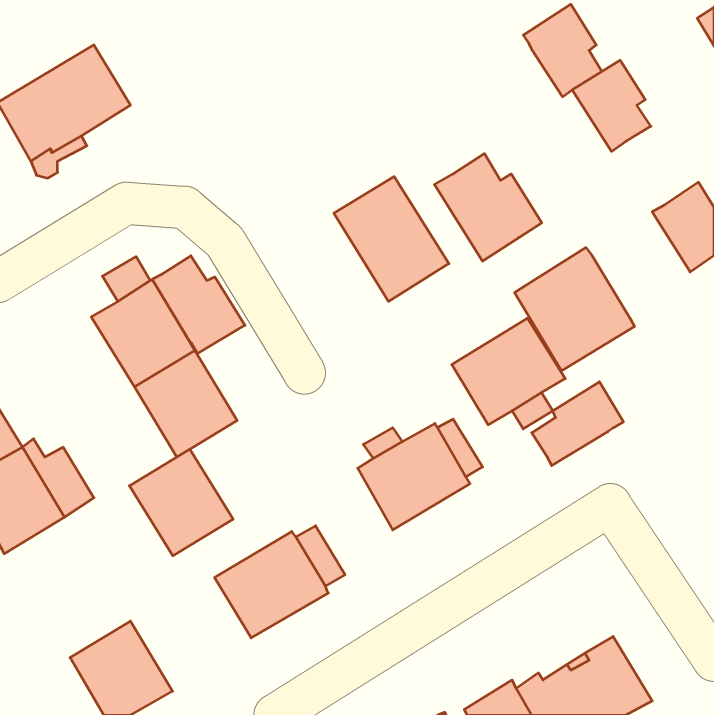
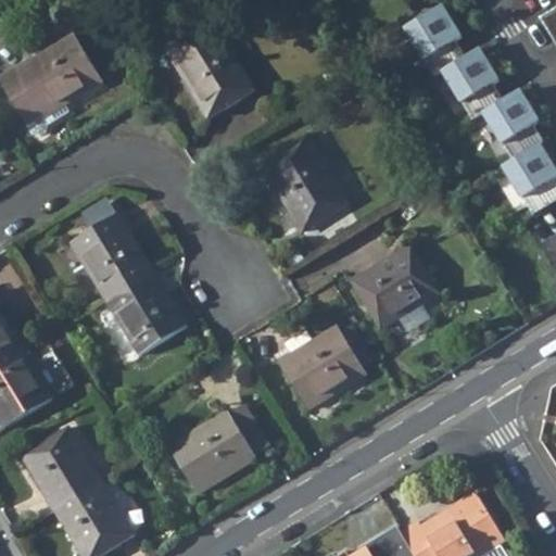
building: none -> [164,22,252,118]
building: none -> [484,87,544,159]
building: [434,154,542,261] -> none
building: [515,248,634,371] -> none
building: [152,256,245,354] -> none
building: [532,382,623,466] -> none
building: [129,449,233,556] -> [21,427,101,509]

